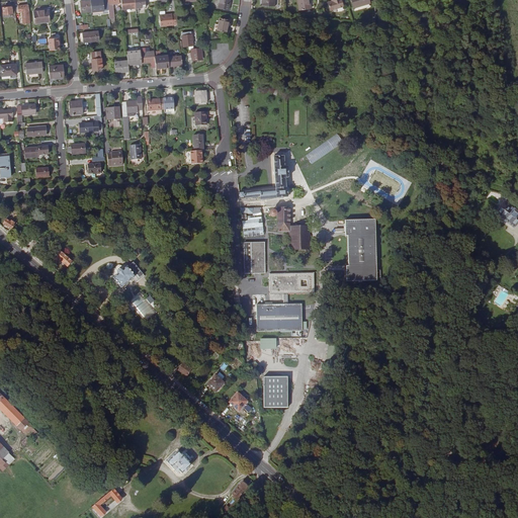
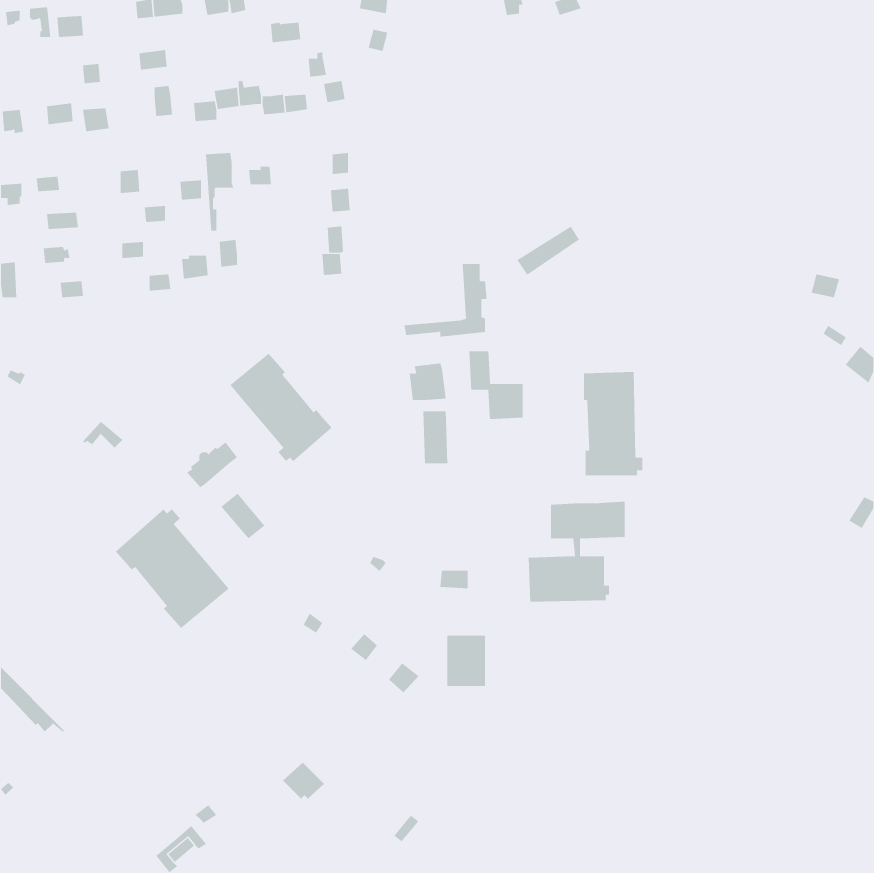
building: none -> [230,353,332,462]
building: [256,272,314,332] -> [528,501,625,602]
building: none -> [115,509,229,629]

